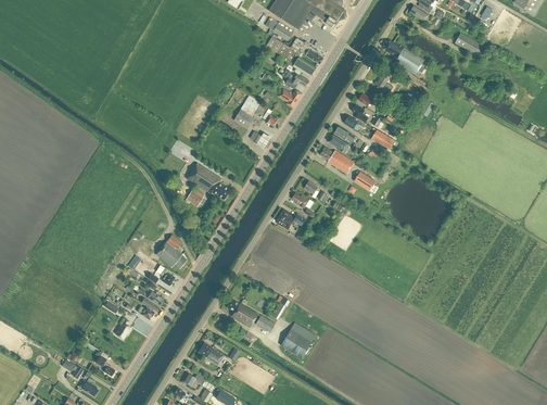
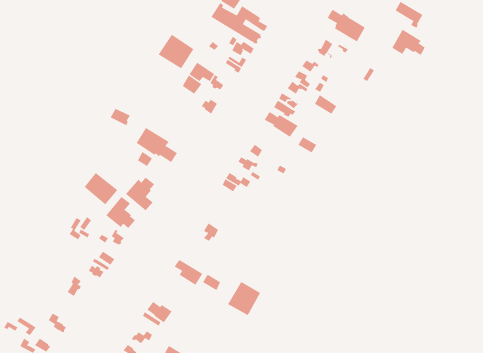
building: none -> [391,29,426,56]
building: none -> [158,34,194,69]
building: none -> [84,172,118,205]
building: none -> [125,177,155,211]

